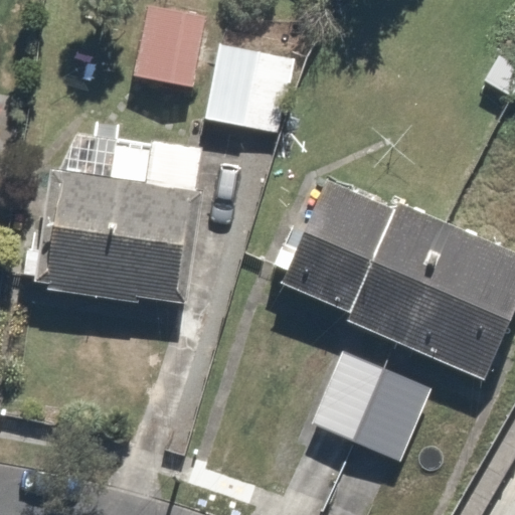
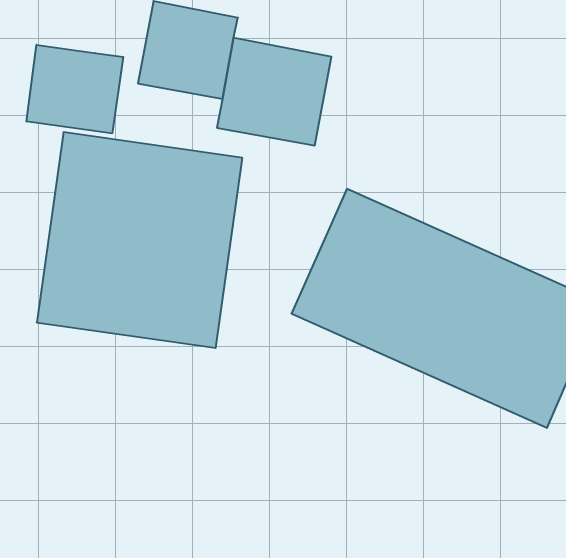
building: none -> [27,45,123,133]
building: [306,345,438,466] -> none

